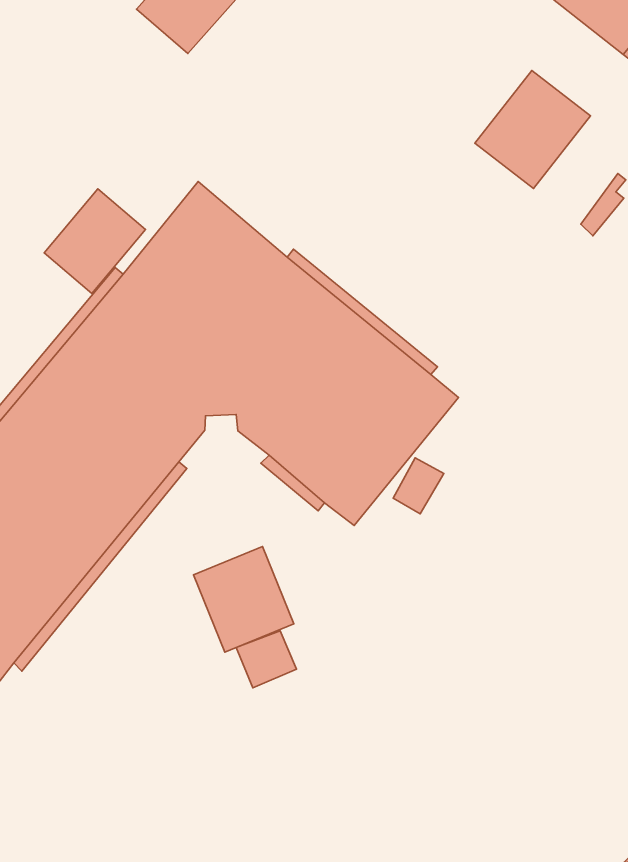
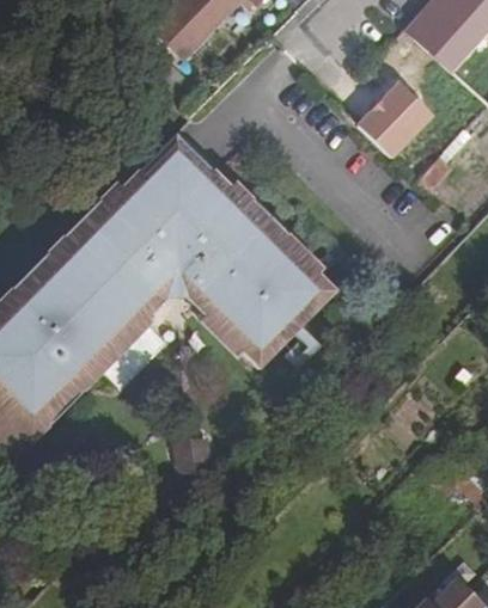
building: [44,189,146,294] -> none
building: [193,547,294,652] -> none

